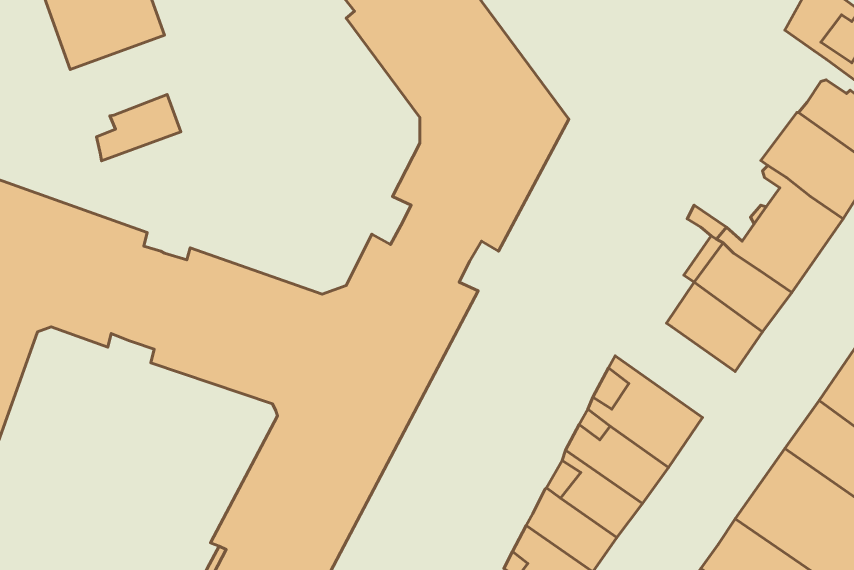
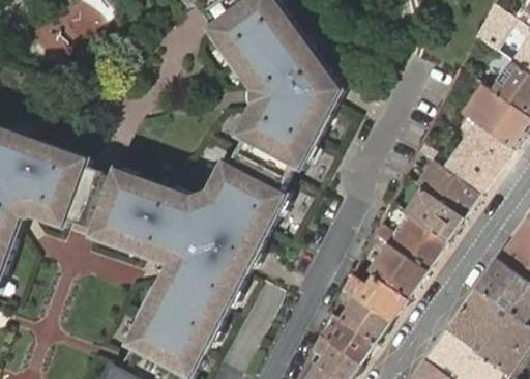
building: [97,94,181,161] -> none
building: none -> [373,215,445,270]

